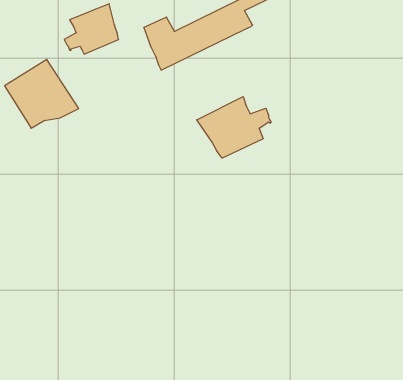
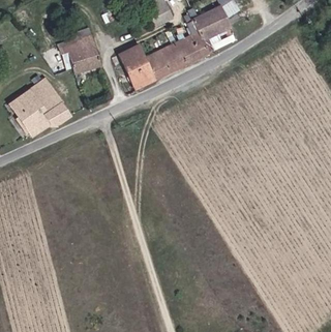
building: [197,97,271,158] -> none

